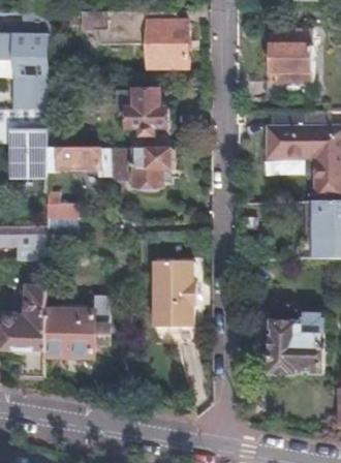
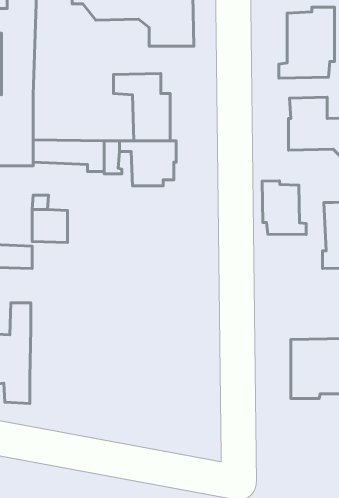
building: none -> [262,181,306,234]
building: [151,260,193,328] -> none
building: [43,297,111,356] -> none

